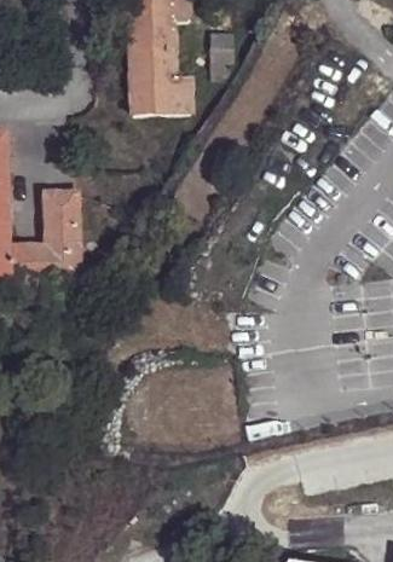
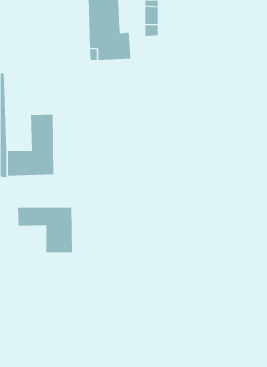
building: none -> [17,207,72,253]

